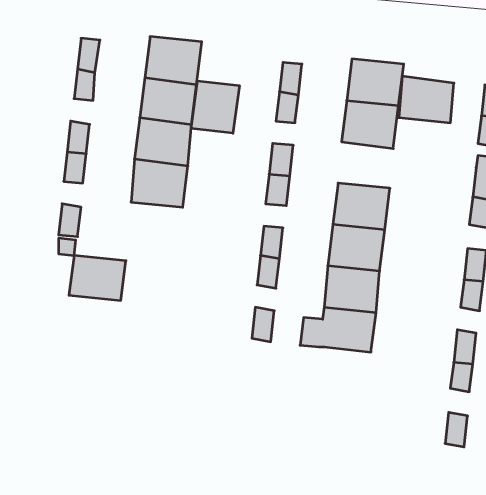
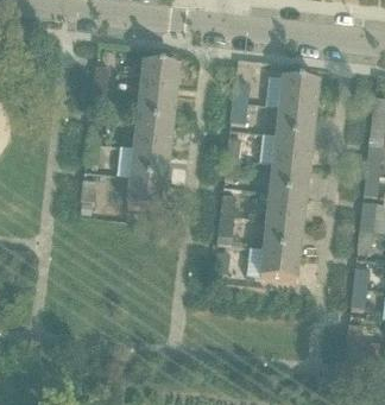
building: [399,76,454,123] -> [272,131,310,163]
building: [191,81,239,133] -> none
building: [69,256,126,300] -> [126,172,165,203]

